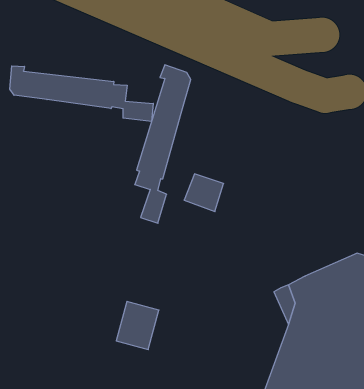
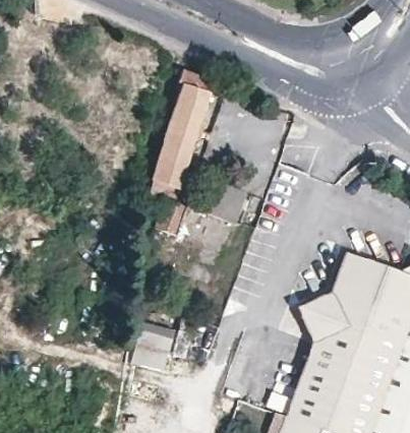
building: [10,66,153,122] -> none
building: none -> [331,254,386,293]

